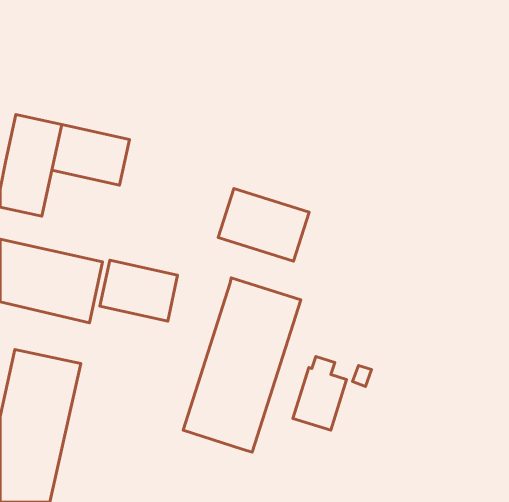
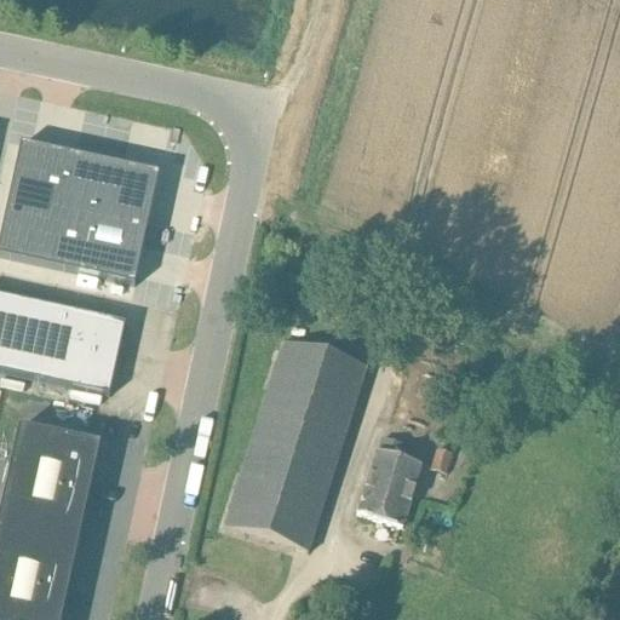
building: [218,188,309,261] -> none
building: [100,260,178,321] -> [51,207,145,281]

